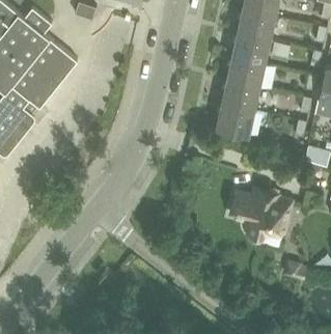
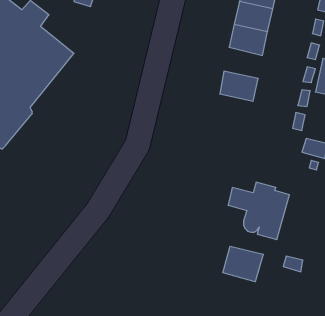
building: [226,53,265,84] -> none
building: [216,100,255,132] -> none
building: none -> [223,246,263,282]

